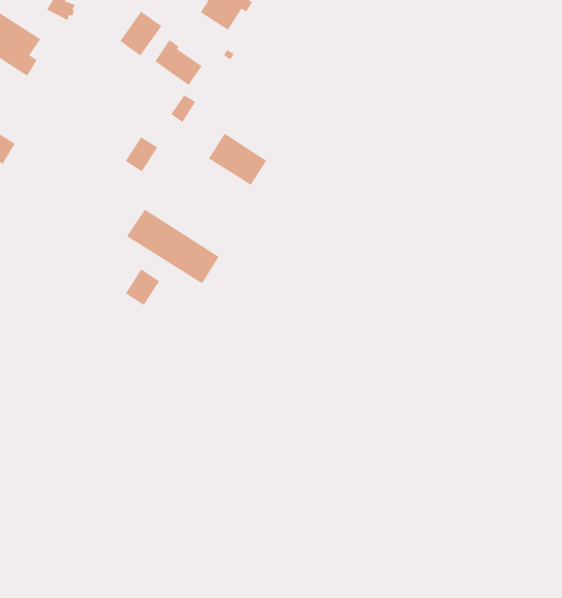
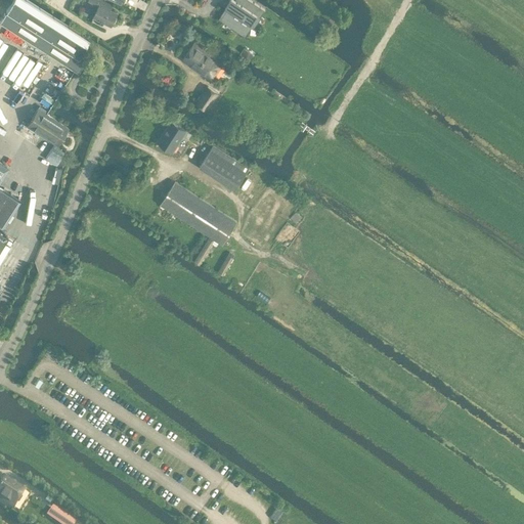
building: [119,11,162,56] -> none
building: [208,133,267,186] -> [199,146,248,190]
building: [125,269,160,306] -> none

